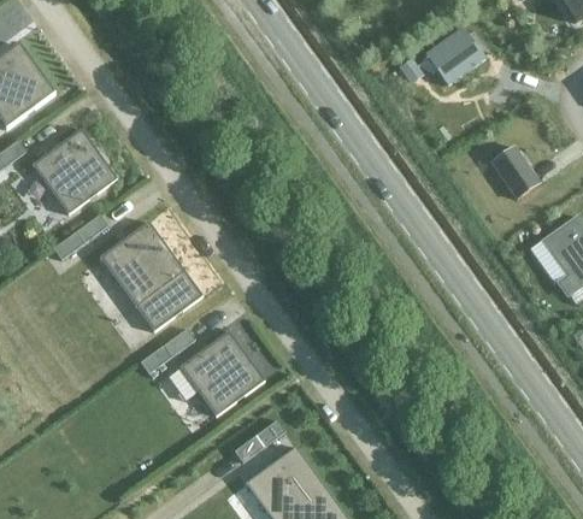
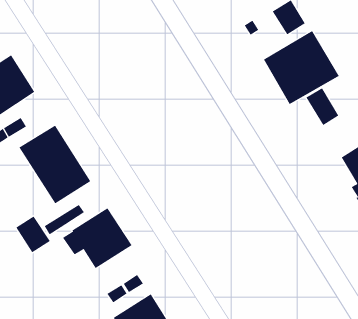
building: none -> [263,30,339,105]
building: none -> [16,215,52,253]

